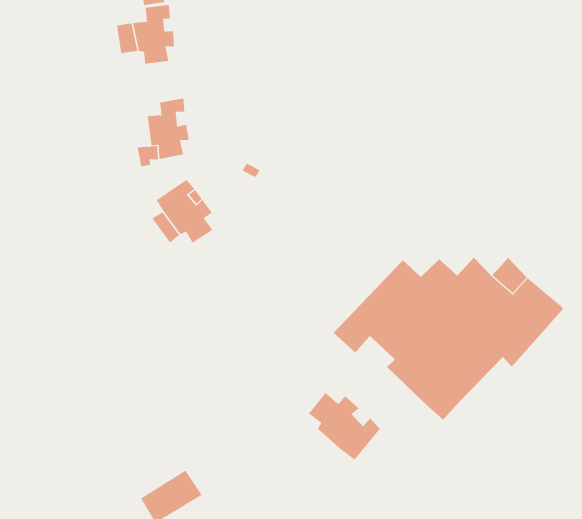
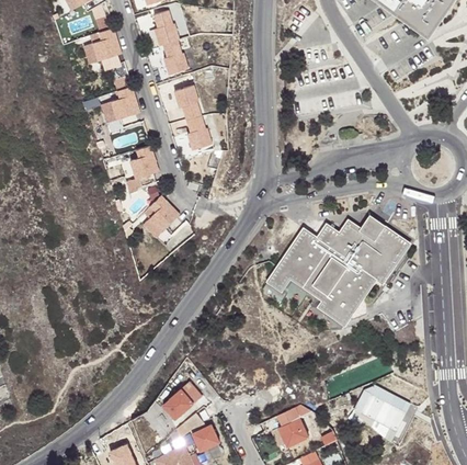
building: none -> [172,86,210,150]
building: [308,392,381,460] -> none

